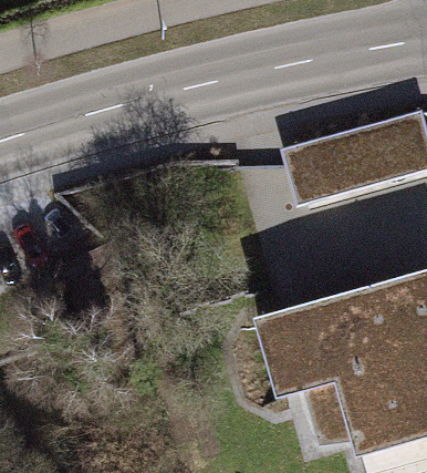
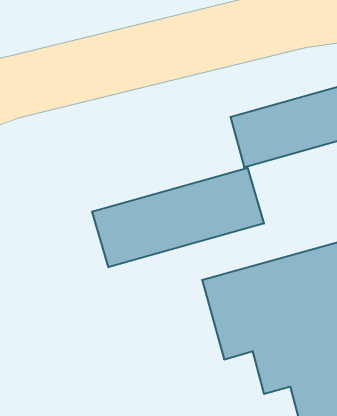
building: none -> [92,168,264,267]

